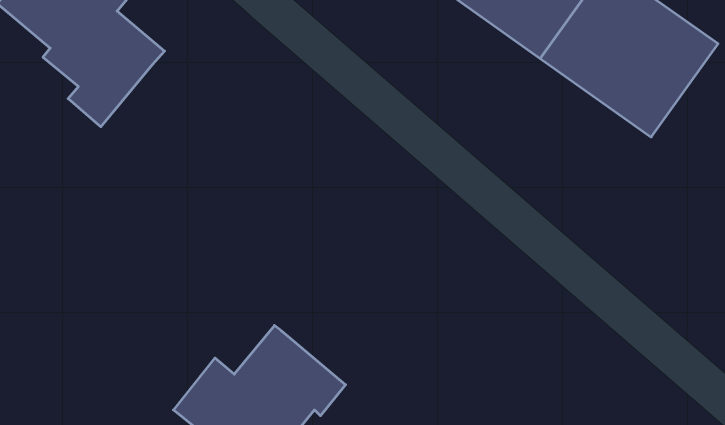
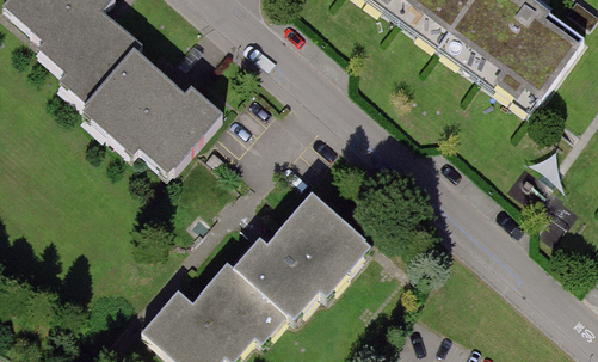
building: none -> [81,54,218,174]
building: none -> [235,194,370,318]

